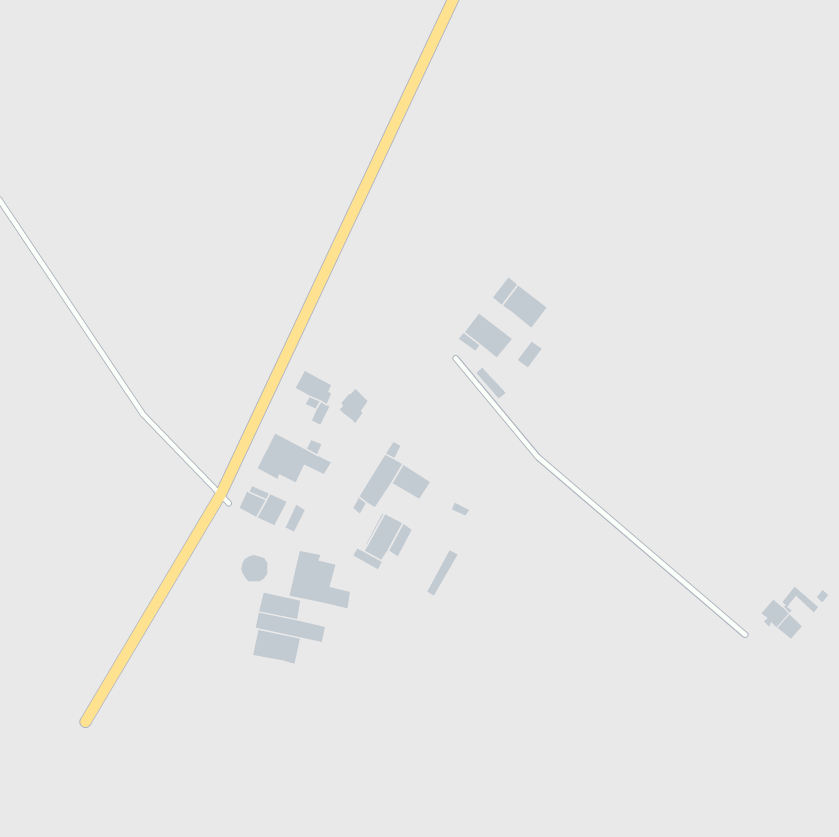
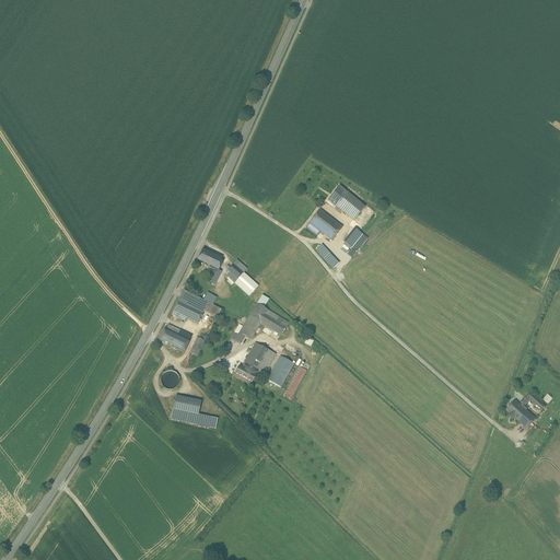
building: none -> [266,354,293,385]
building: [289,550,351,609] -> none
building: [252,629,301,665] -> none

